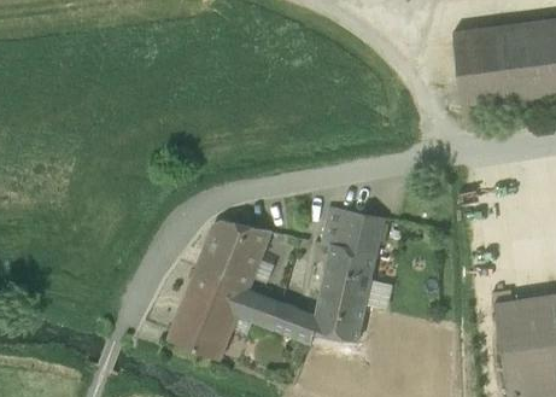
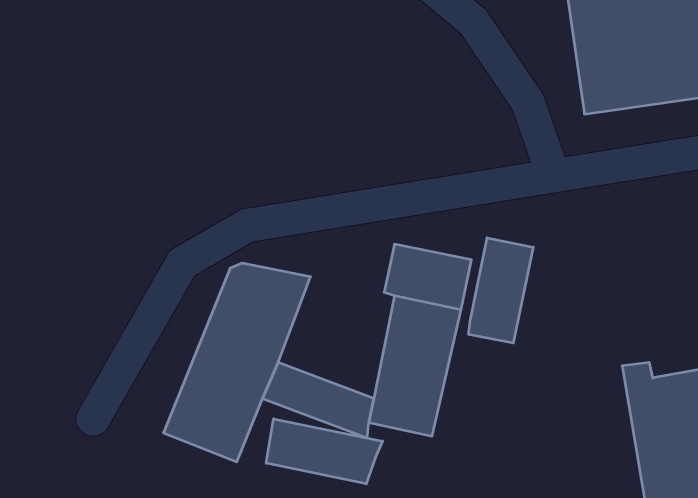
building: none -> [469,238,533,343]
building: none -> [266,419,383,484]

